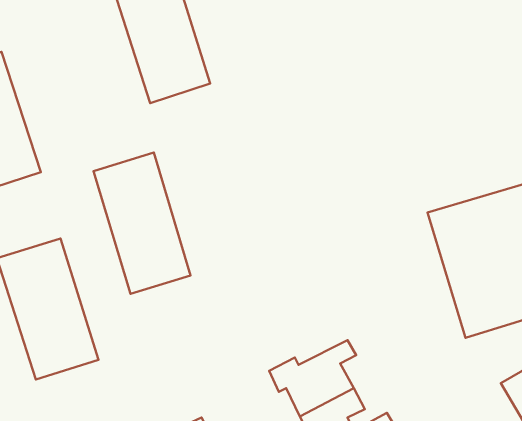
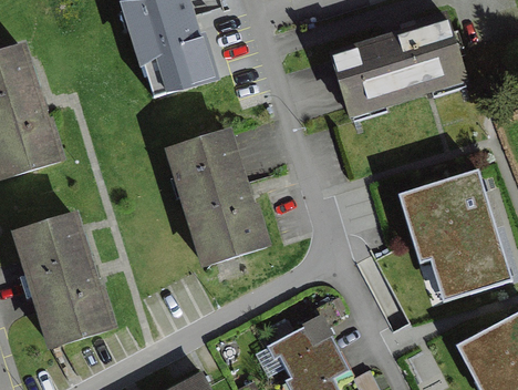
building: none -> [332,20,463,113]
building: [94,153,191,294] -> [170,134,258,261]

